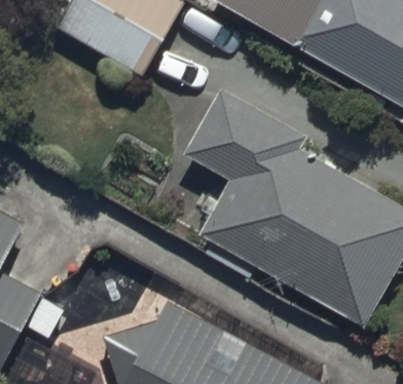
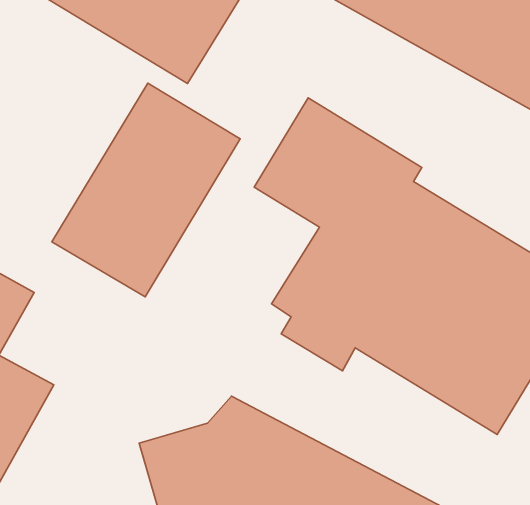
building: none -> [52,83,240,297]

